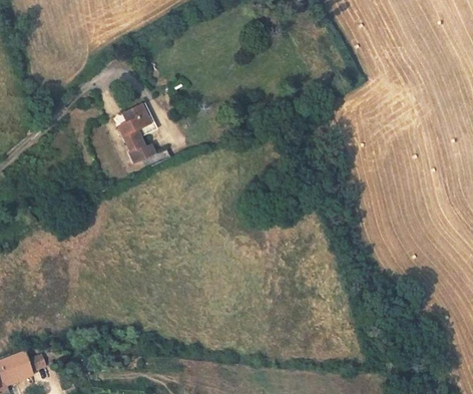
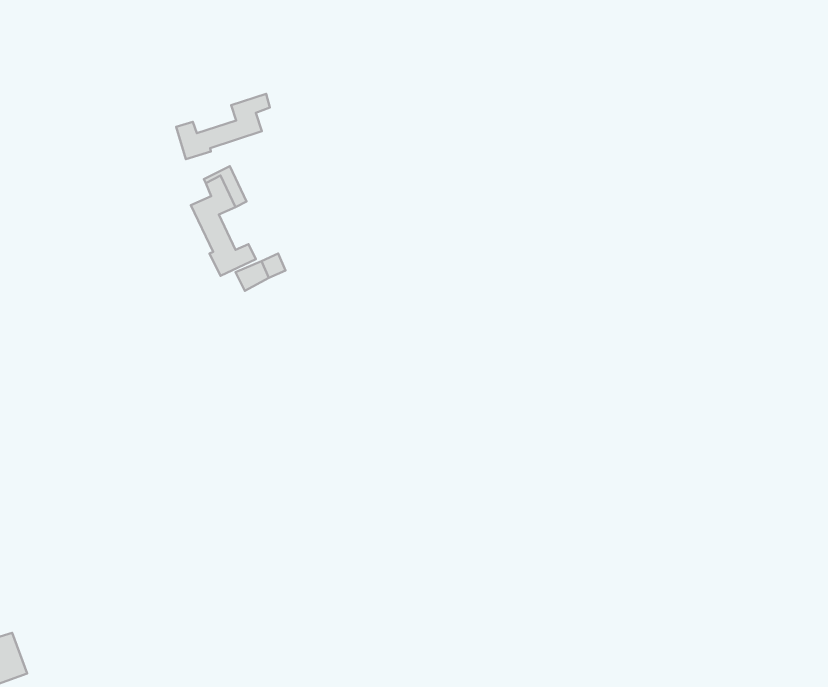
building: none -> [176,94,270,159]

